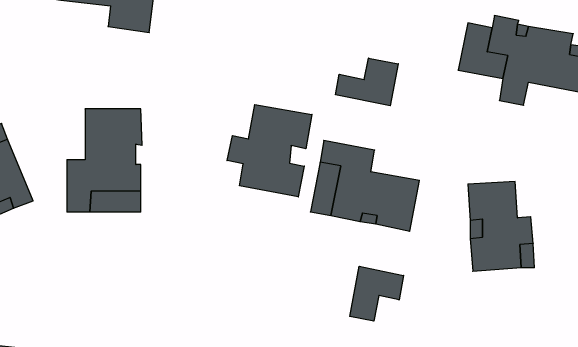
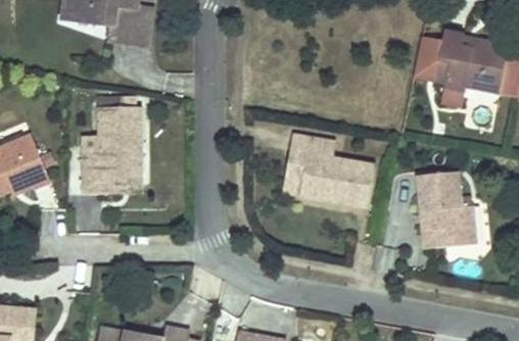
building: [336,58,398,106] -> none
building: [227,105,312,197] -> none
building: [350,266,404,321] -> none

